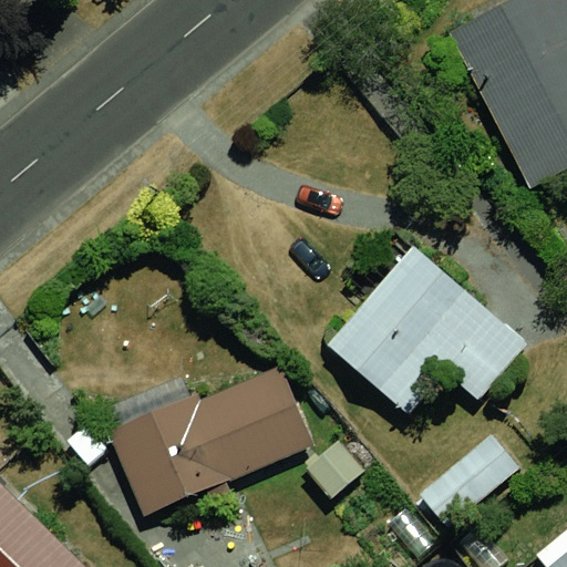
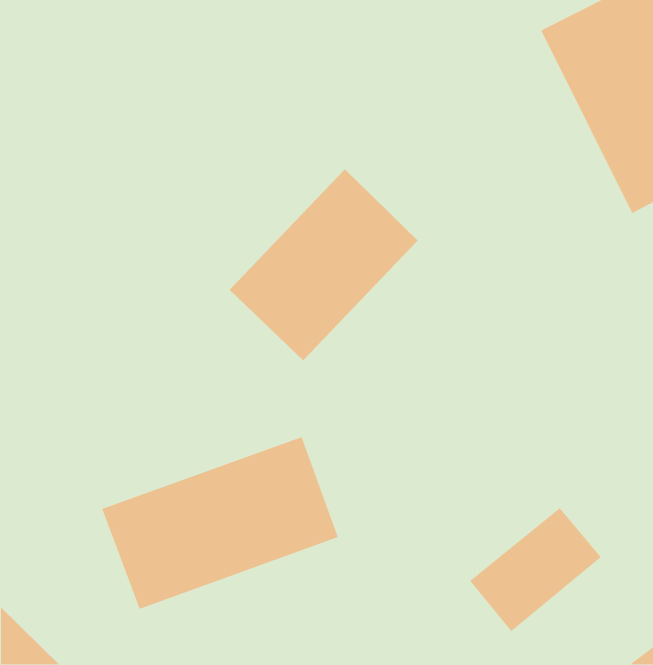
building: none -> [229,168,418,361]
building: [326,245,524,409] -> none

